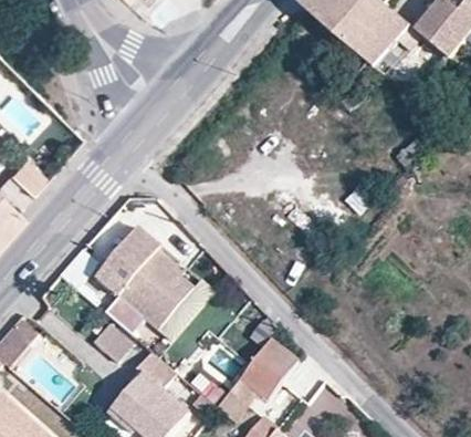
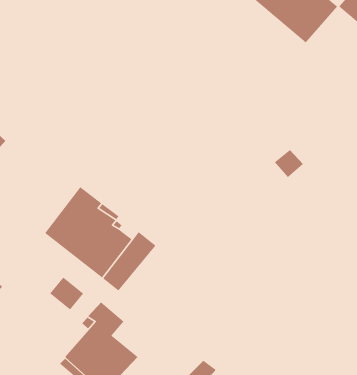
building: [216,336,295,420] -> none

